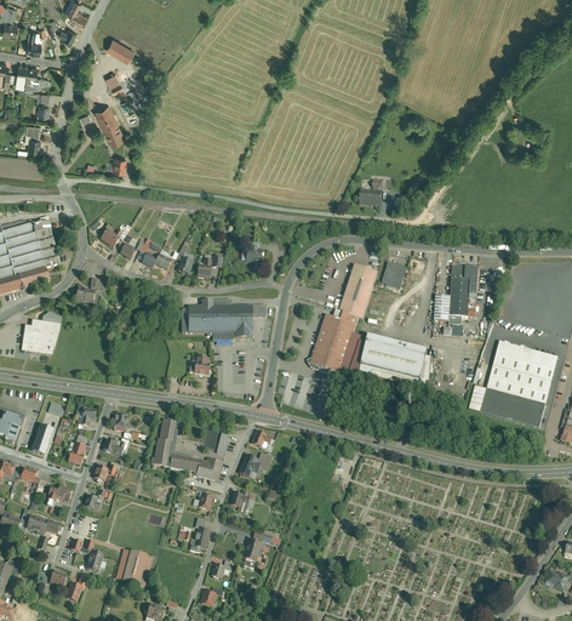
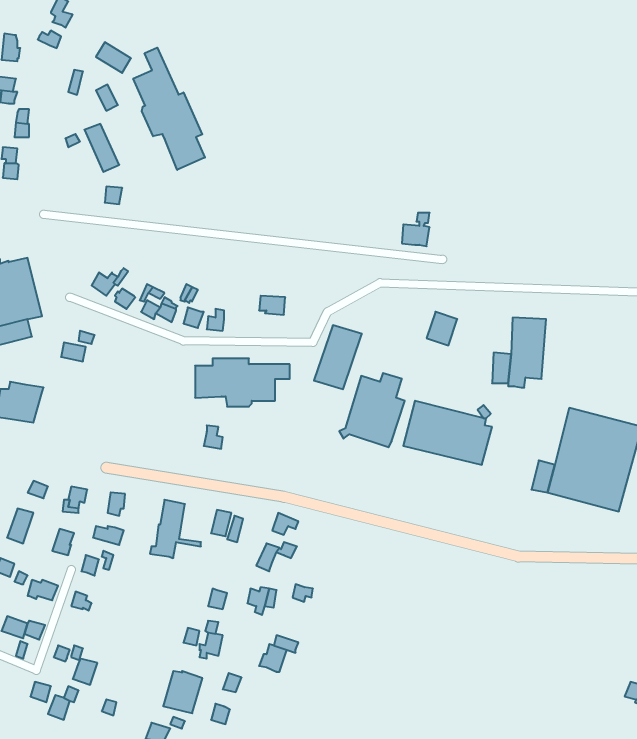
building: none -> [133,48,205,170]
building: [338,266,378,319] -> [314,325,362,389]
building: [168,454,223,482] -> none
building: [115,549,148,585] -> [163,671,202,713]

